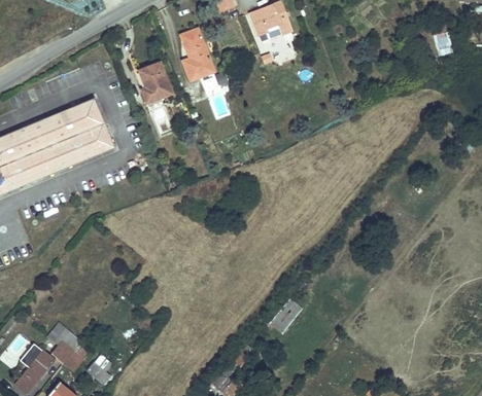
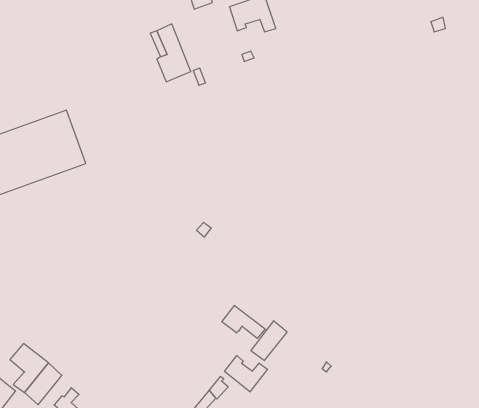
building: [138,62,171,103] -> none
building: none -> [222,305,265,338]
building: none -> [225,356,267,392]

